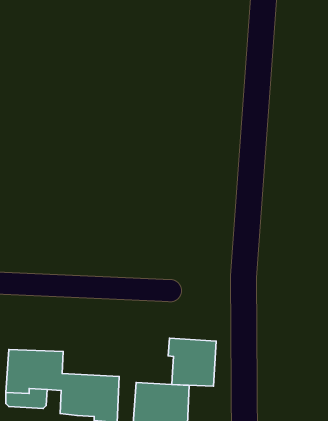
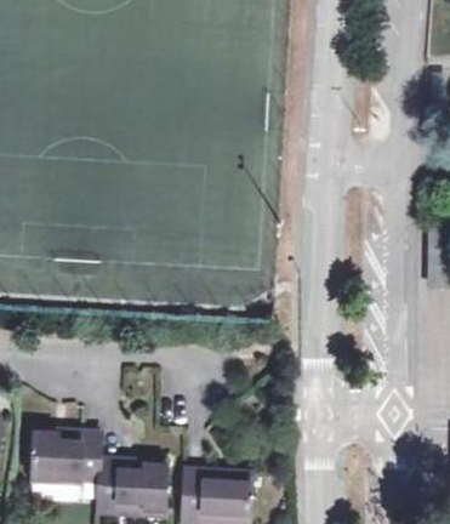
building: [168,338,216,386] -> none

